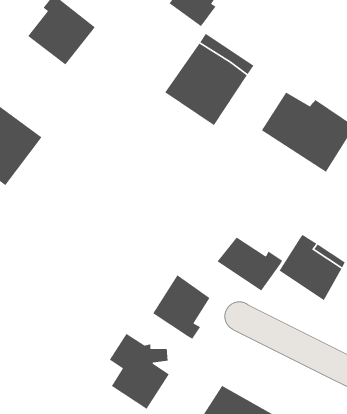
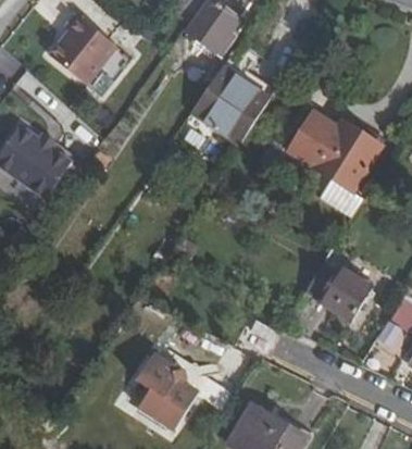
building: [217,236,283,291] -> none
building: [152,274,211,340] -> none

